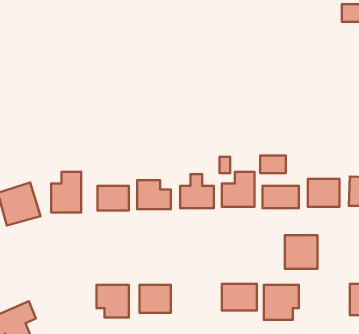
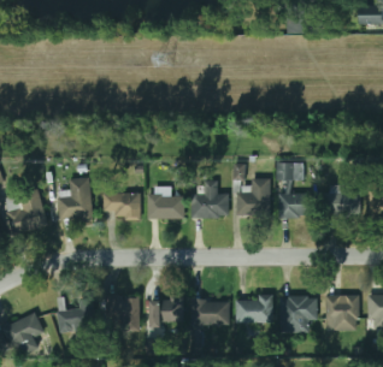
building: [285,235,318,269] -> [324,295,358,330]
building: none -> [189,300,228,325]
building: none -> [57,304,96,339]

